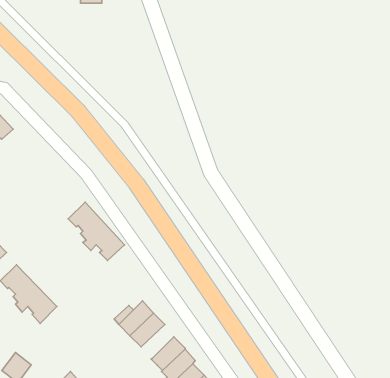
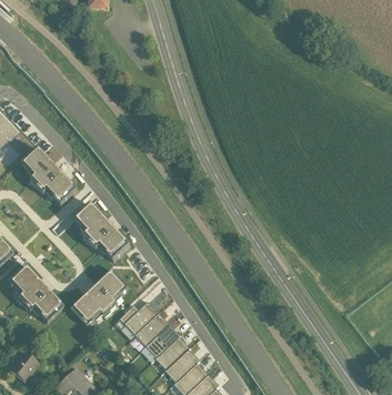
building: none -> [20,149,77,205]
building: none -> [70,271,128,326]
building: none -> [145,324,180,357]

